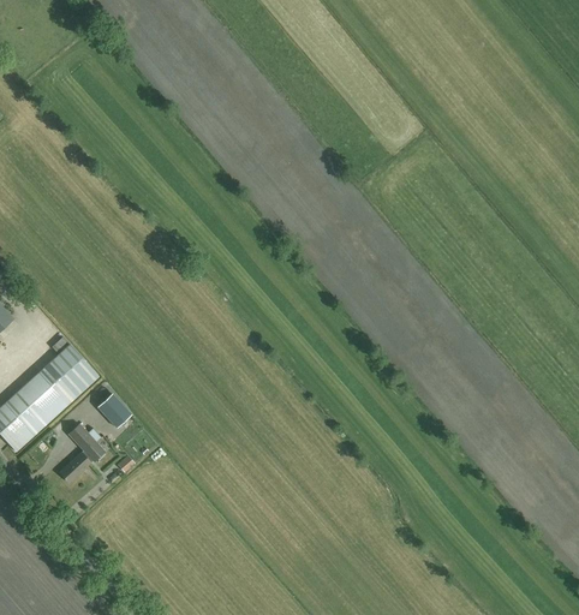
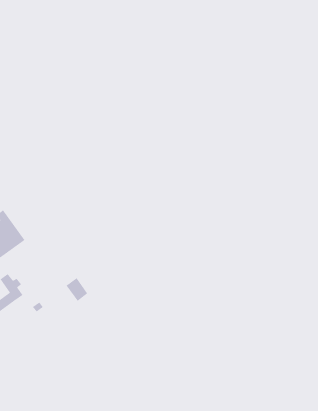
building: [96,396,129,430] -> [65,277,88,302]

